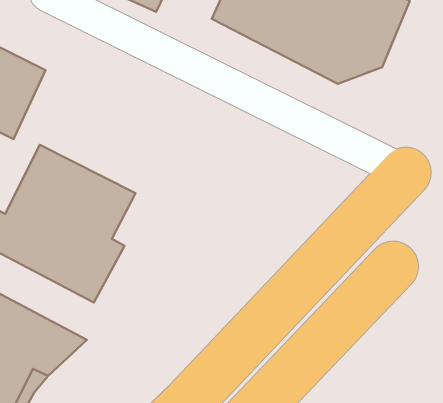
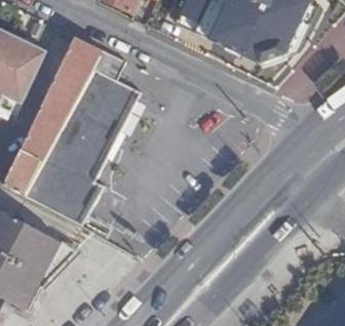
building: none -> [41,36,142,144]

